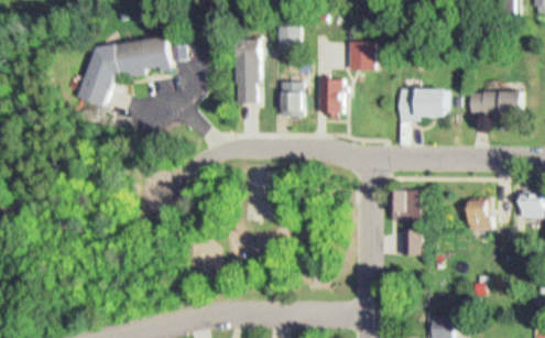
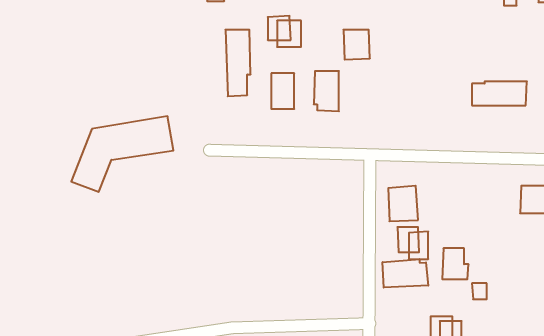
building: [70,34,168,107] -> [71,116,173,192]
building: [399,88,447,119] -> none
building: [467,198,492,228] -> [442,248,469,279]
building: none -> [383,259,428,288]

